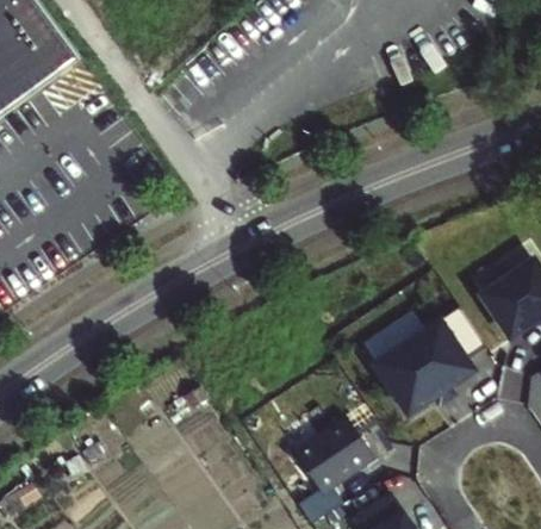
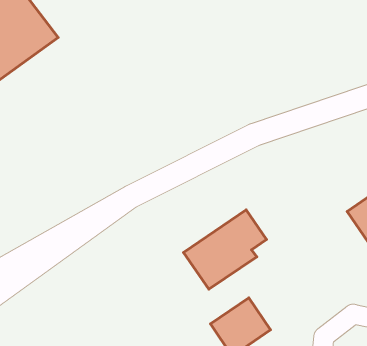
building: [372,303,485,411] -> [184,210,266,289]

